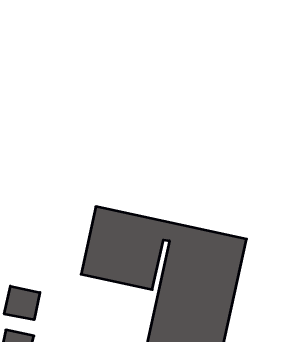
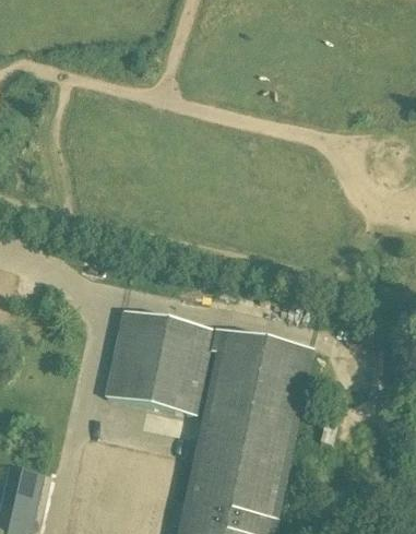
building: [4,286,40,320] -> none

